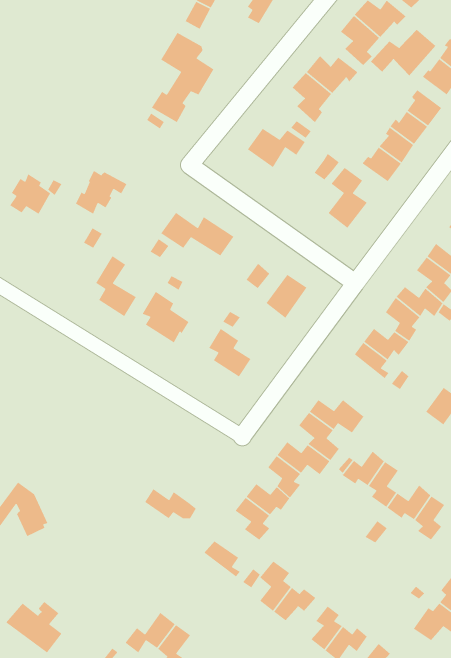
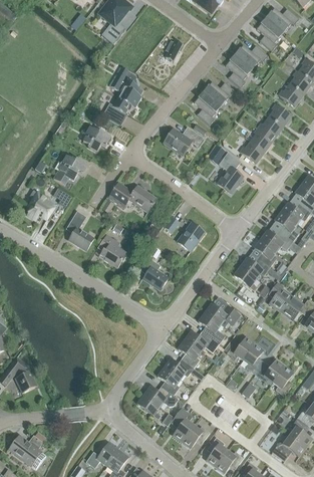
building: [370,29,436,77] -> none
building: none -> [82,126,110,151]
building: [9,173,51,215] -> [27,193,54,220]
building: none -> [268,281,292,311]
building: [144,488,197,519] -> [143,386,178,406]

